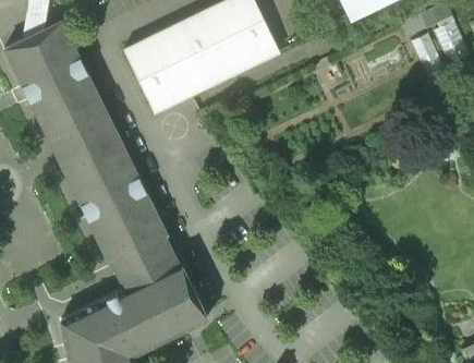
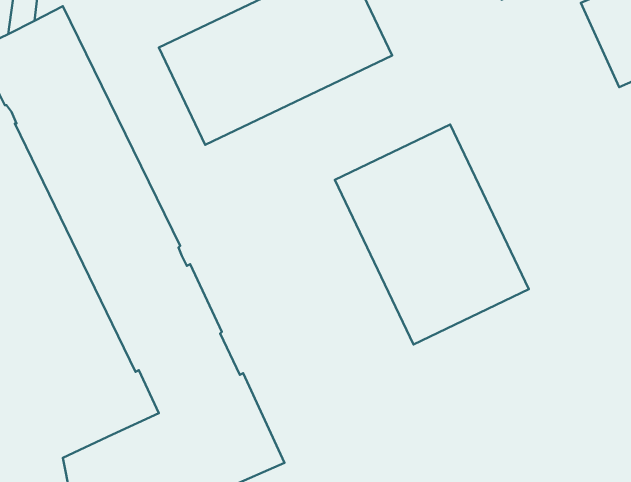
building: none -> [335,124,529,344]

